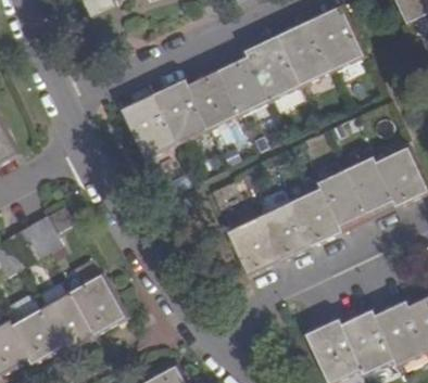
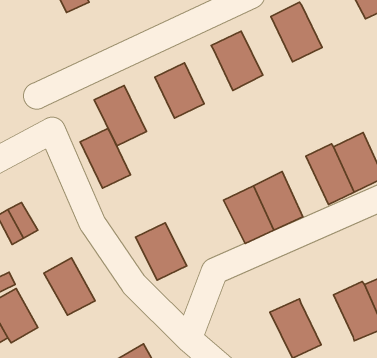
building: [277,20,331,81] -> none
building: [217,54,268,112] -> none
building: [153,78,206,141] -> [80,129,130,188]
building: [318,167,369,231] -> none
building: [227,214,281,275] -> [135,223,187,280]
building: [39,291,93,353] -> none
building: [340,308,395,372] -> none

